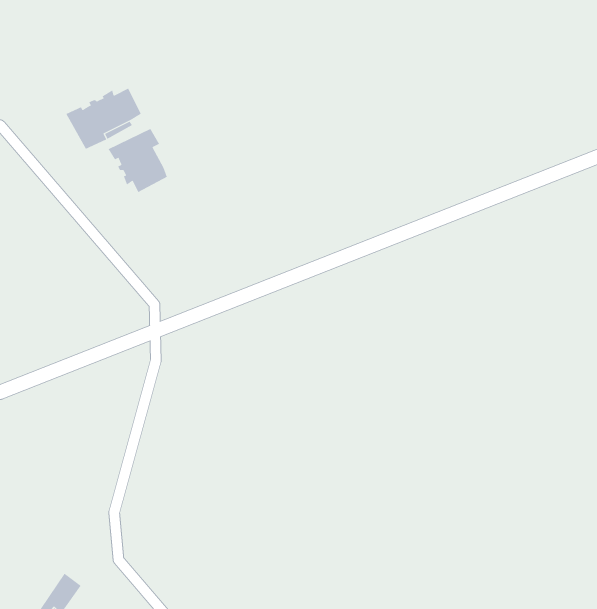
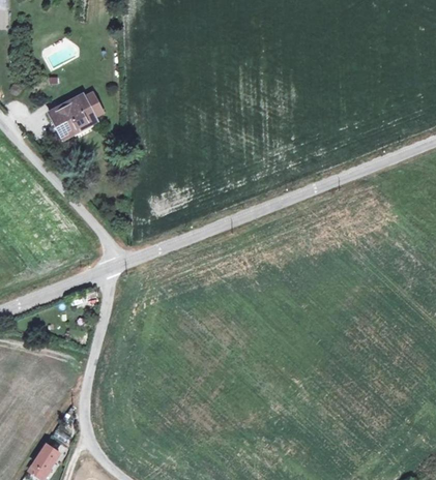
building: [108,128,168,193] -> none

